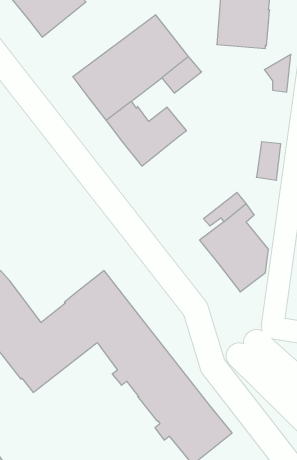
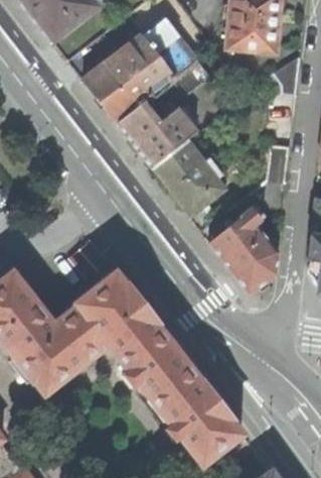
building: none -> [152,139,227,218]

